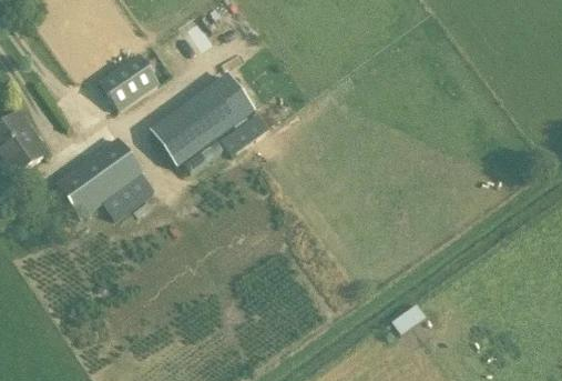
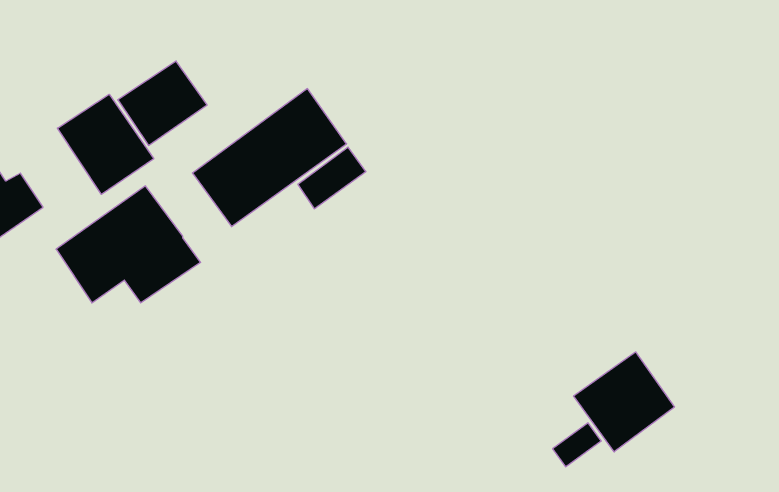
building: none -> [57,94,154,194]
building: none -> [574,352,674,452]

